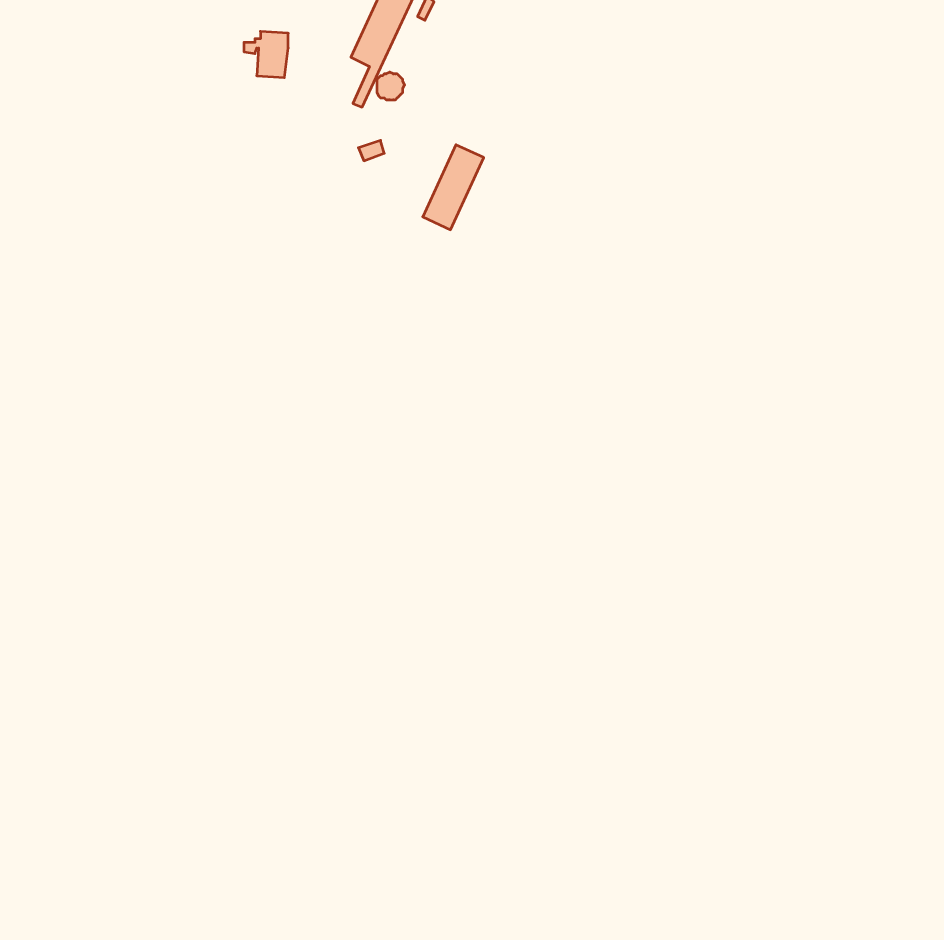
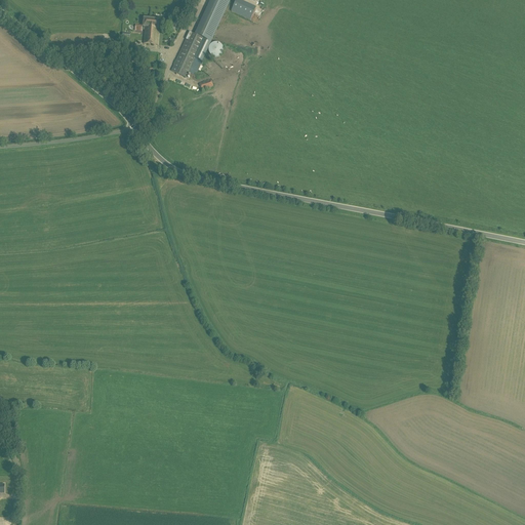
building: [423,145,484,230] -> [171,30,205,77]

